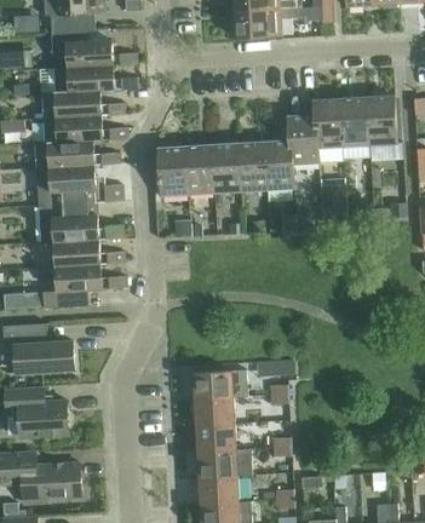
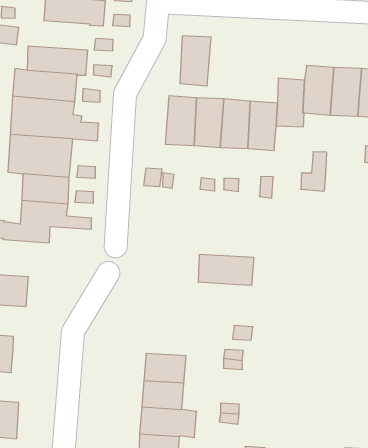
building: [41,90,100,119] -> none
building: [156,149,186,197] -> [180,36,211,86]
building: [191,369,246,400] -> [198,254,254,285]

